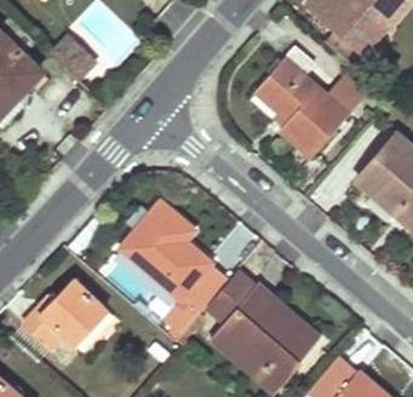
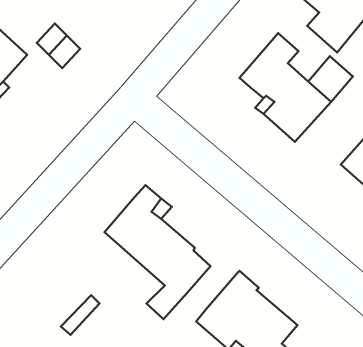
building: [203,271,253,324] -> none
building: [23,281,102,346] -> none

